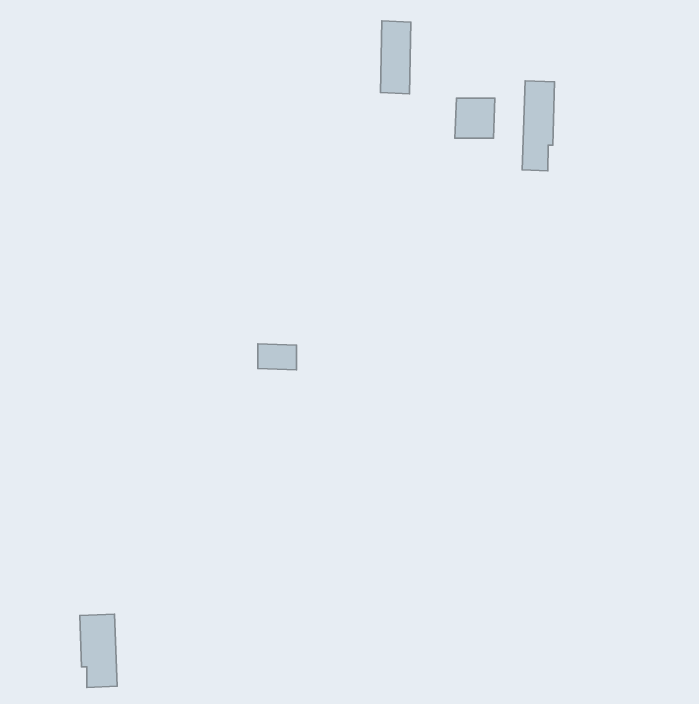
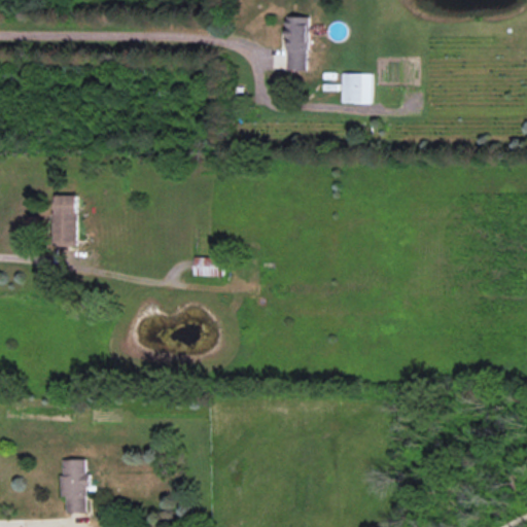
building: [522,81,554,171] -> none
building: none -> [51,196,75,247]

